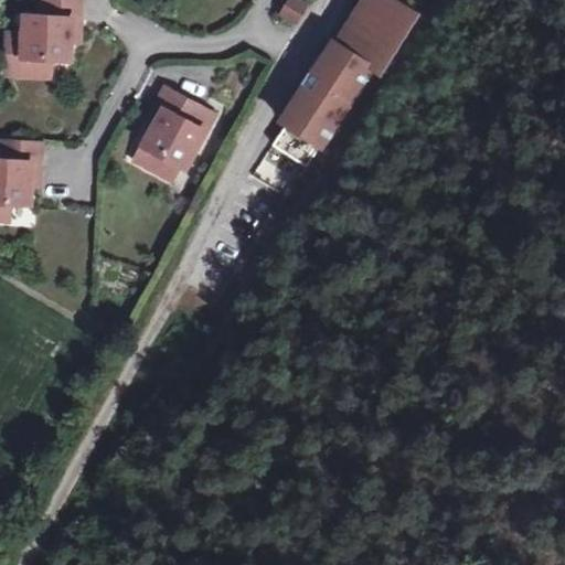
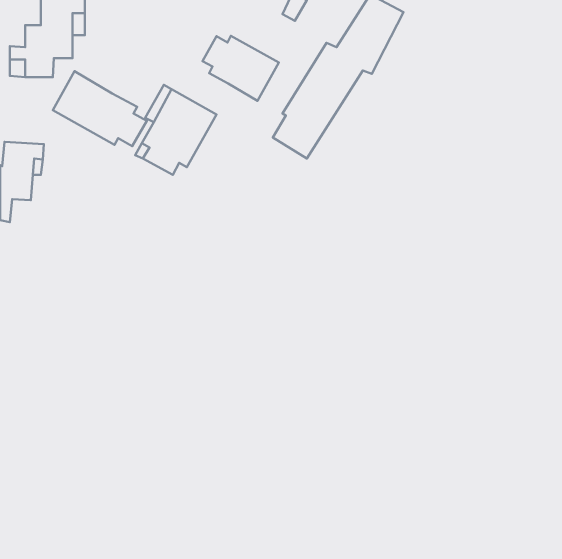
building: none -> [202,36,279,101]
building: none -> [53,71,147,146]

